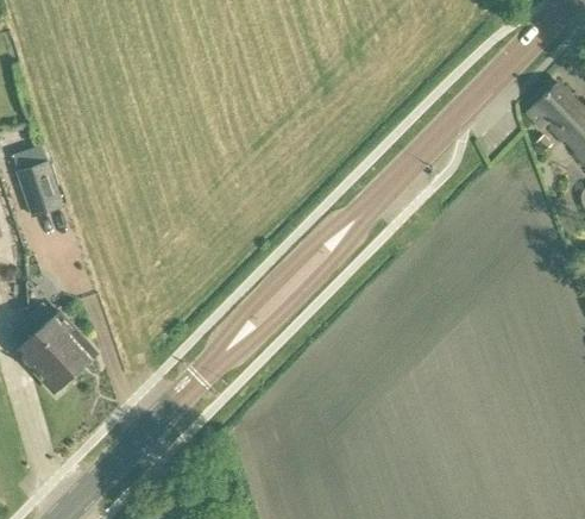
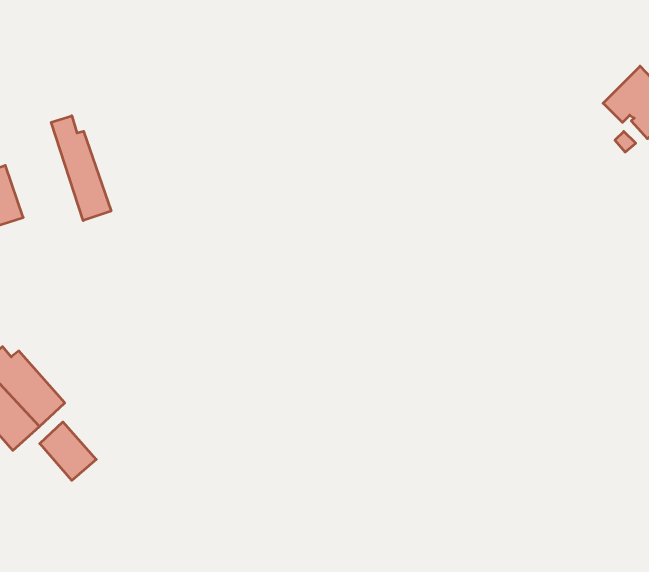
building: none -> [51,116,111,221]
building: none -> [40,422,96,480]

